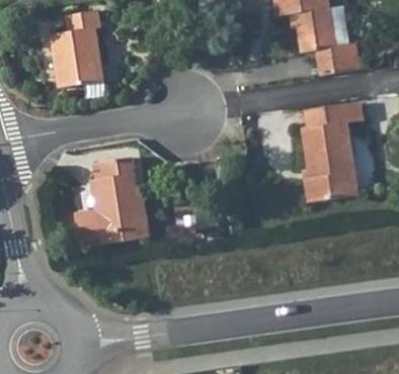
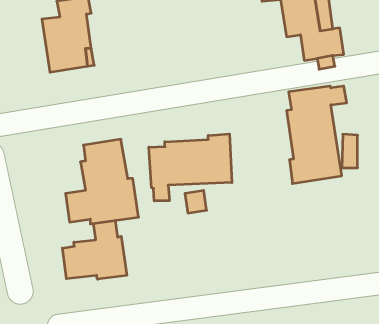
building: none -> [149,134,232,201]
building: none -> [62,220,127,279]

